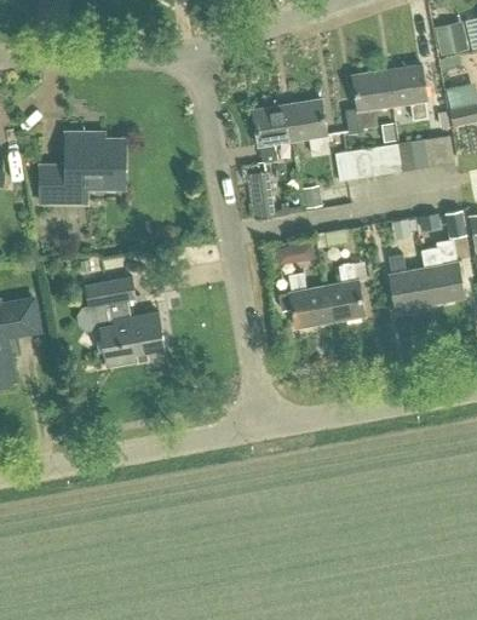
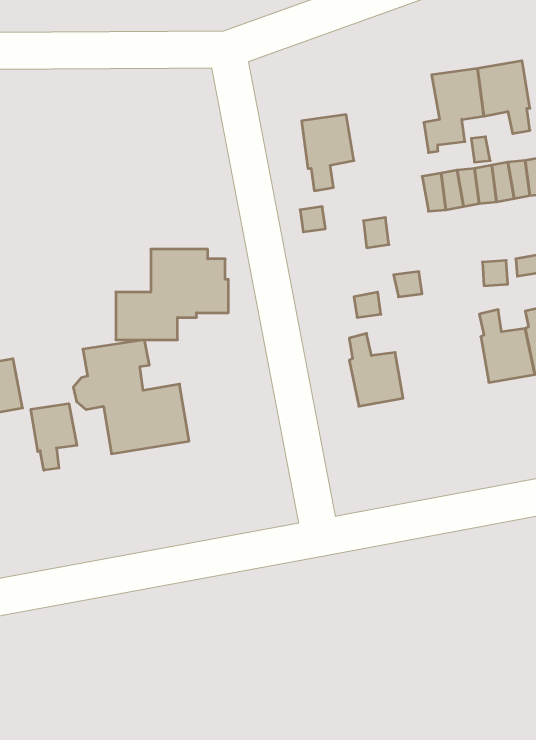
building: [286,99,327,155] -> none
building: [39,133,125,202] -> [116,249,228,340]
building: [323,264,364,322] -> none
building: none -> [31,404,77,470]

